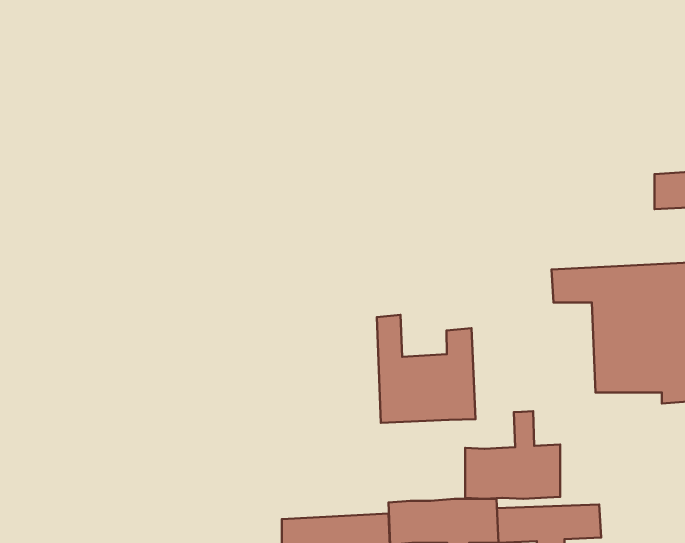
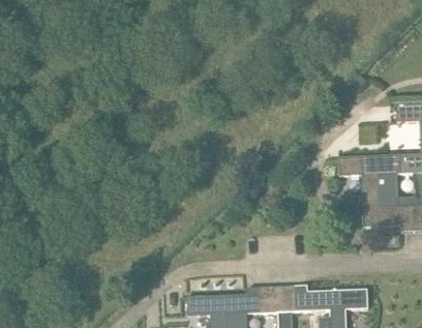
building: [377,315,475,423] -> none
building: [465,411,560,499] -> none

